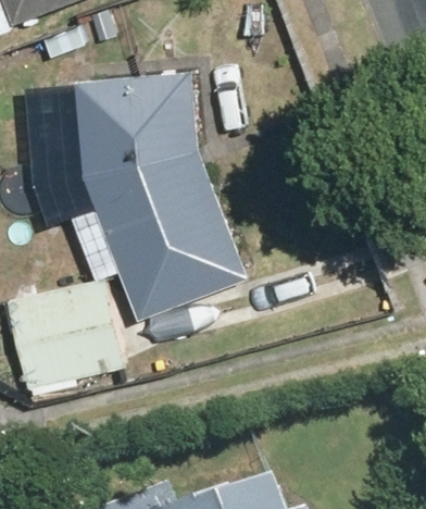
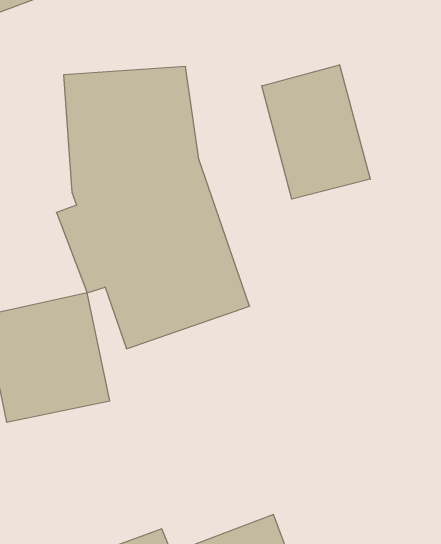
building: none -> [262,65,370,199]

